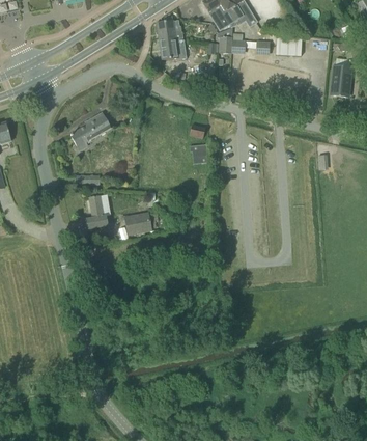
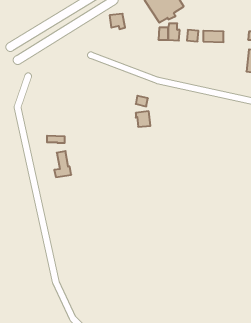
building: [159,34,187,58] -> none
building: [70,112,111,149] -> none
building: [124,211,152,235] -> none

